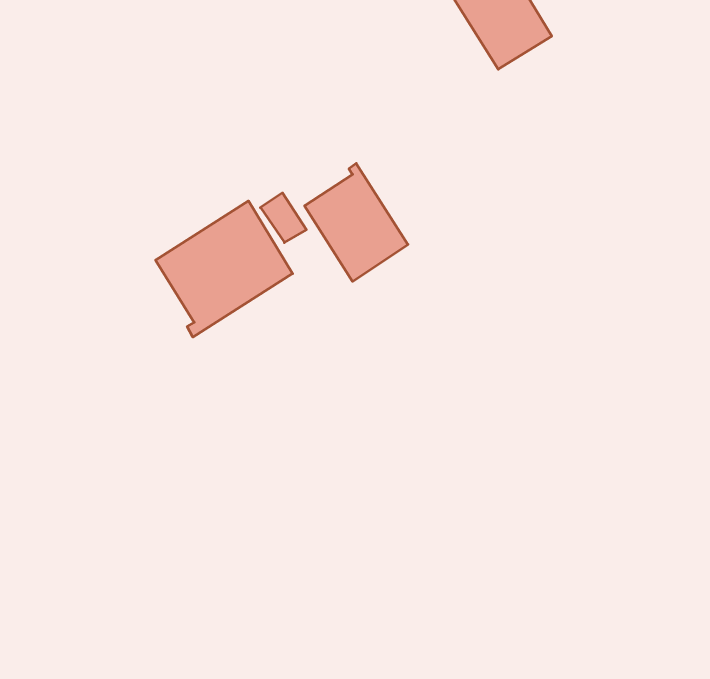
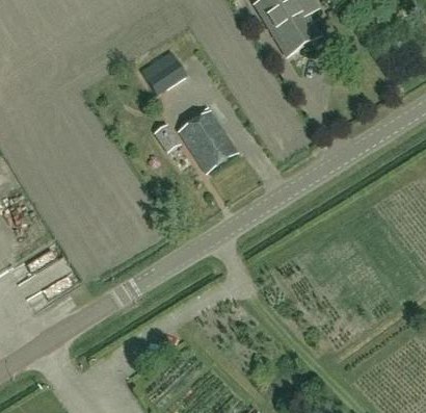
building: none -> [139,49,186,96]
building: [156,201,293,337] -> none

